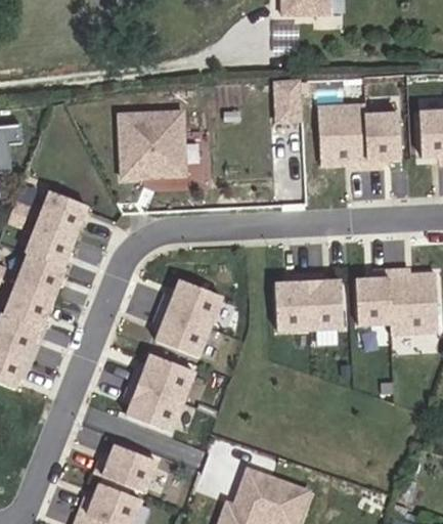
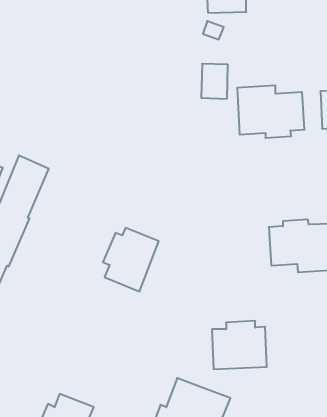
building: [117,108,189,182] -> none
building: [275,273,343,333] -> [212,321,267,369]
building: [126,354,195,433] -> none
building: [94,445,158,493] -> none

